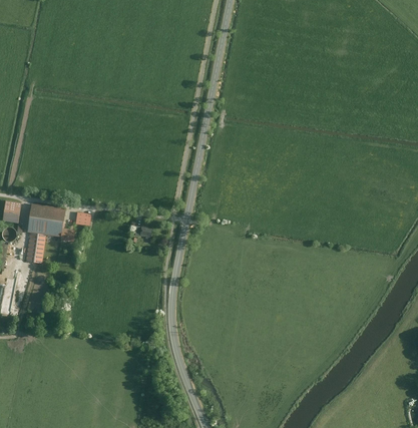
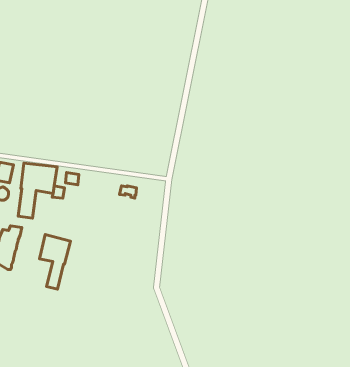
building: none -> [39,234,71,289]

